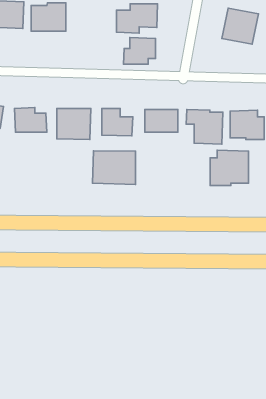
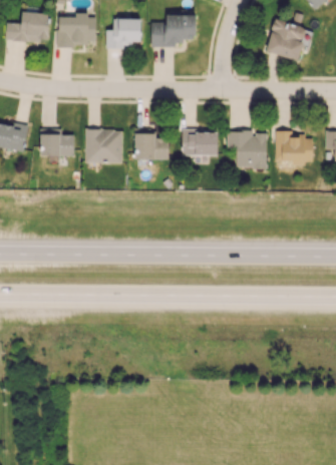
building: [123,37,155,64] -> [105,18,140,47]
building: [210,150,248,186] -> none
building: [92,151,136,184] -> none

